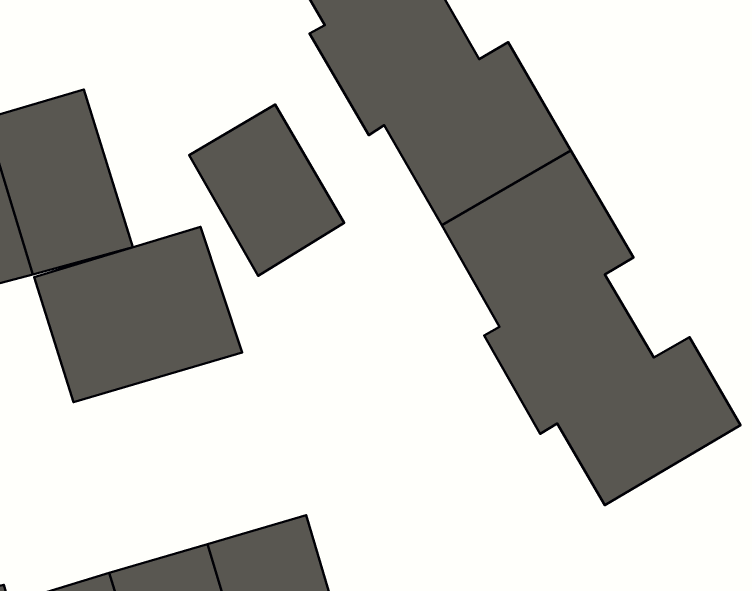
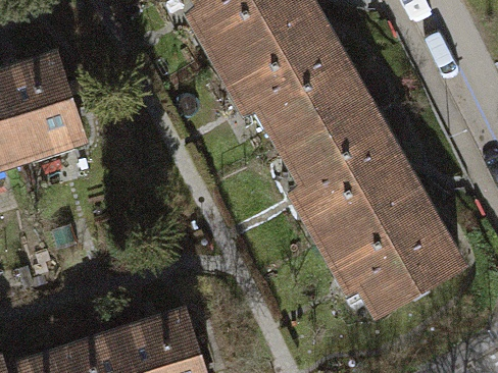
building: [189,104,344,276] -> none
building: [34,227,242,402] -> none

